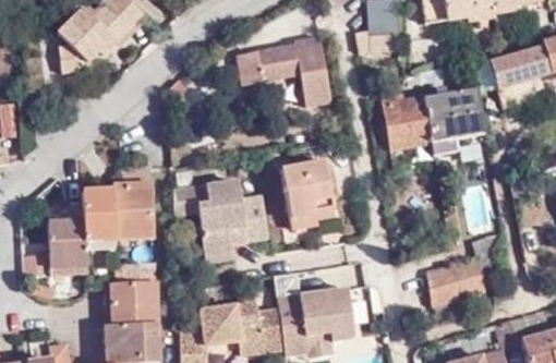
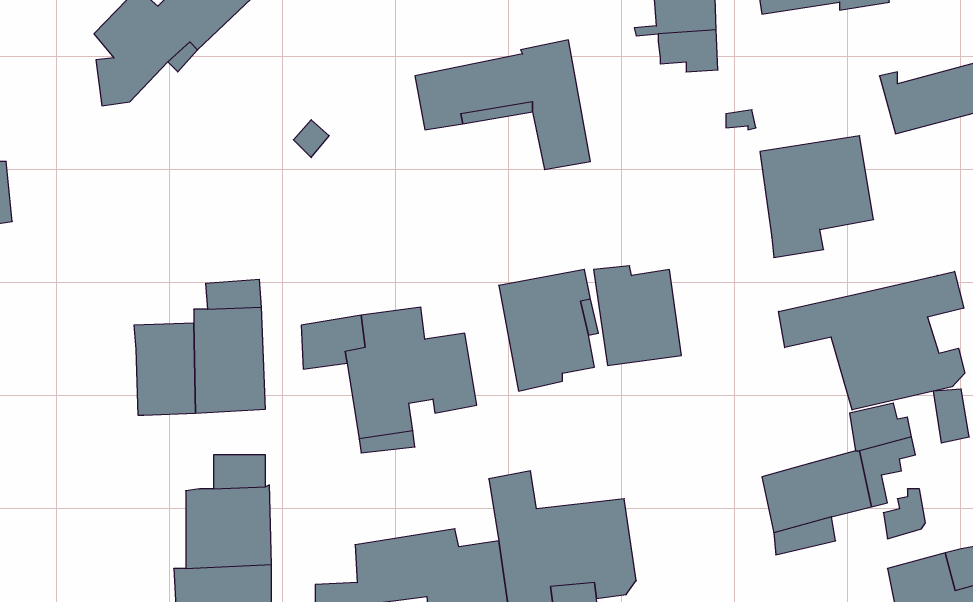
building: [383,94,431,148] -> [594,266,681,365]
building: none -> [779,271,965,410]
building: [49,204,87,274] -> none

